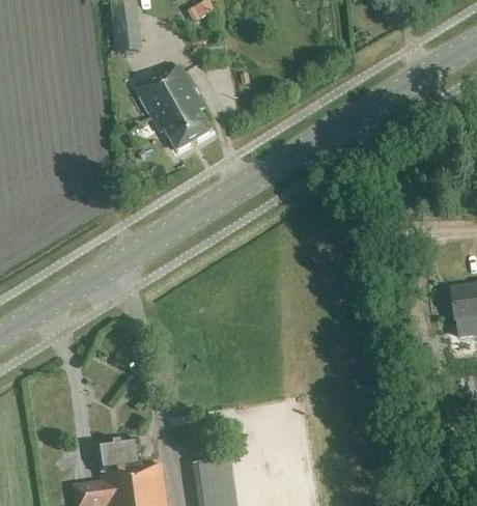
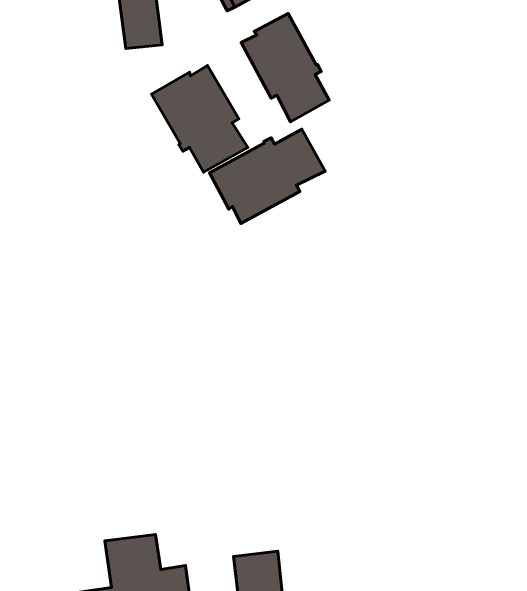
building: none -> [241,13,329,122]
building: none -> [210,129,325,223]

